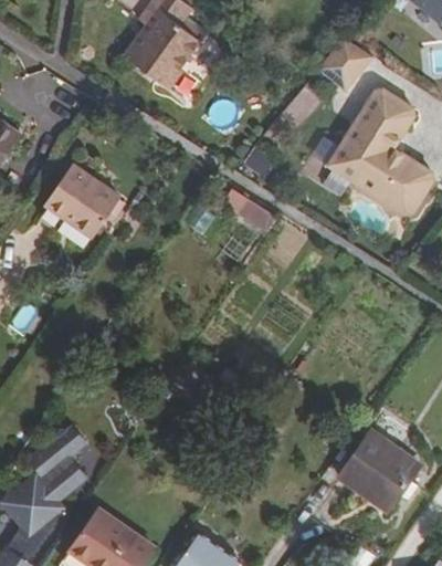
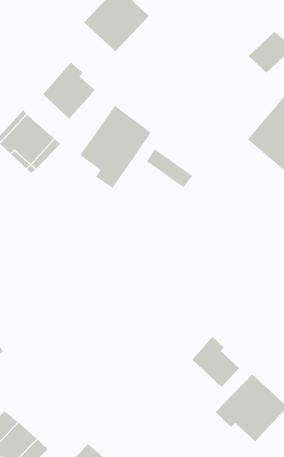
building: none -> [42,61,95,119]
building: none -> [79,105,152,189]
building: none -> [192,336,240,388]

